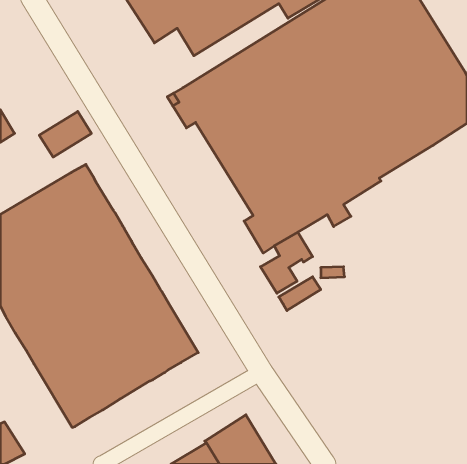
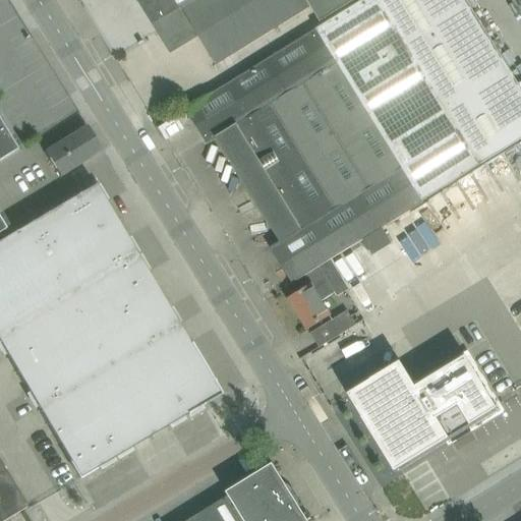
building: none -> [349,354,499,470]

